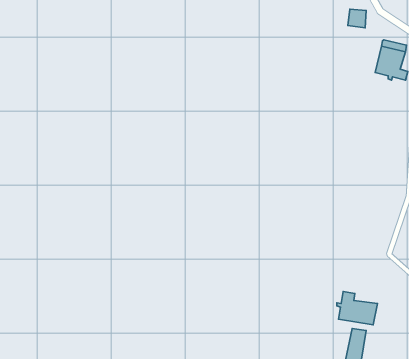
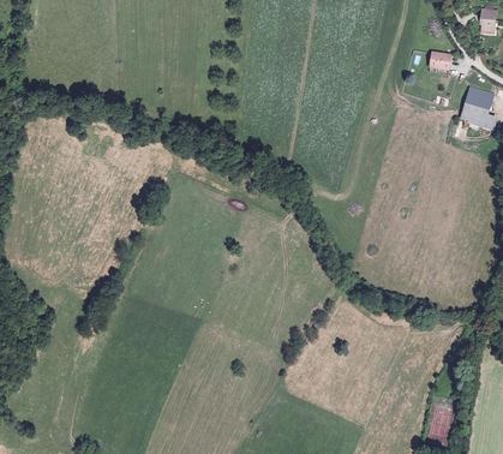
building: [337,291,378,325] -> none

